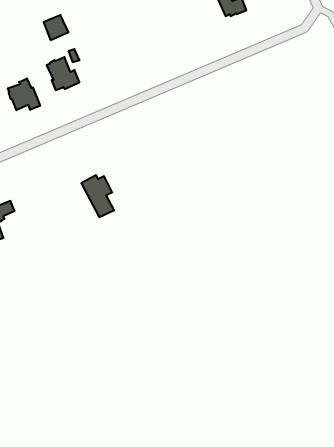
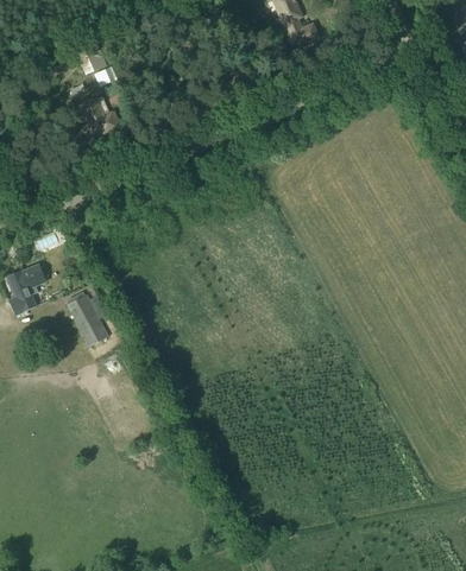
building: [8,78,40,110] -> none
building: [81,175,114,217] -> [69,294,108,344]

